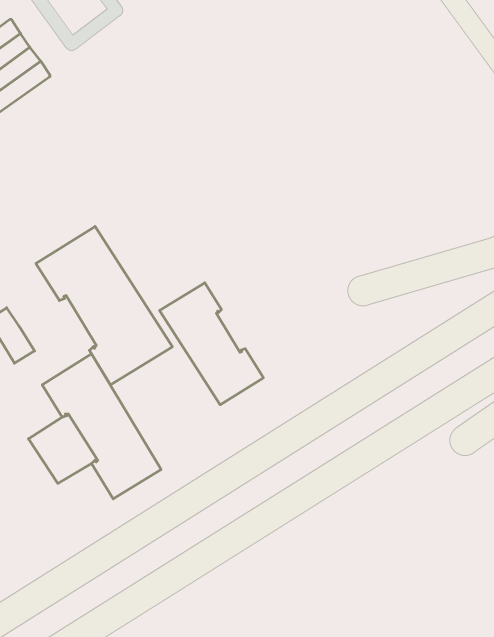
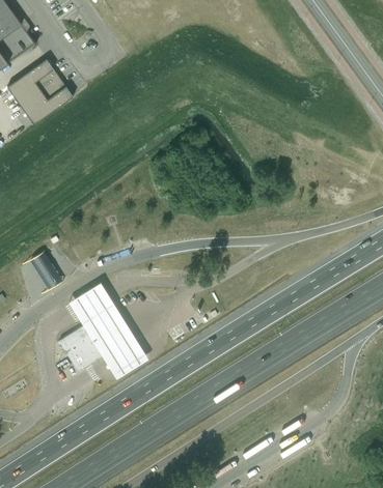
building: [36,226,172,385] -> none
building: [160,283,263,405] -> none

